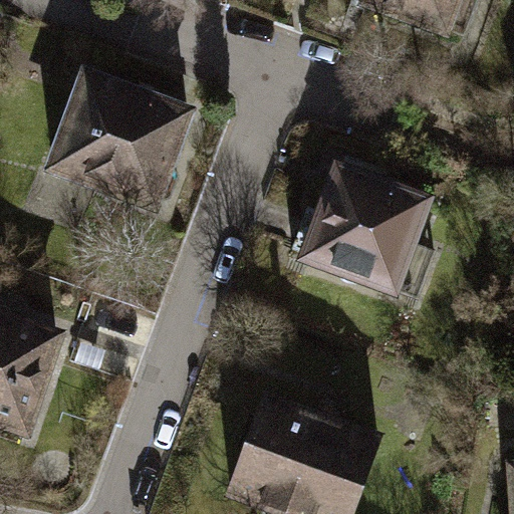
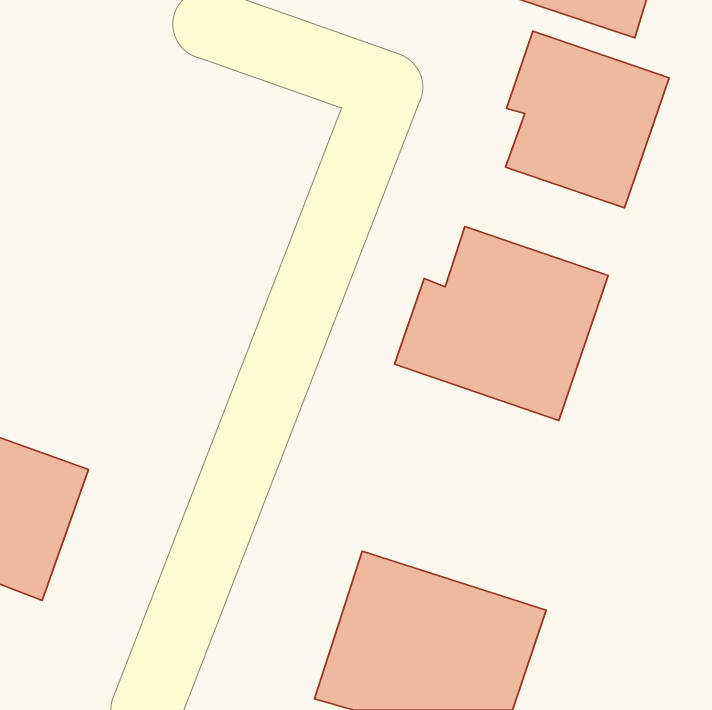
building: none -> [506,31,669,208]
building: [50,70,184,200] -> none

